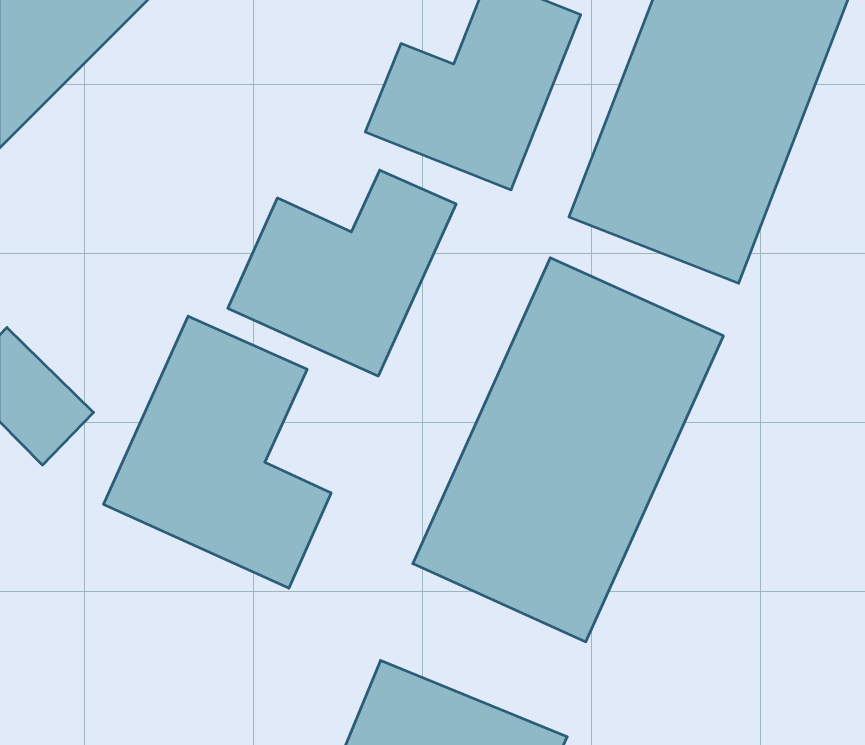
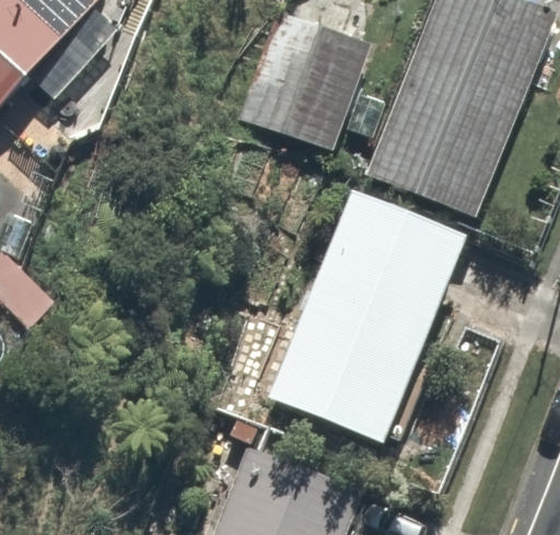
building: [228,170,456,376] -> none
building: [104,316,331,588] -> none

